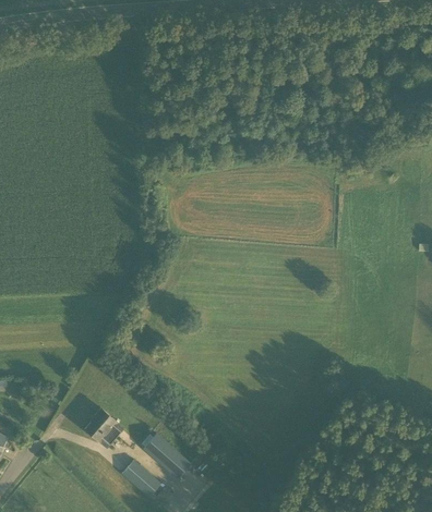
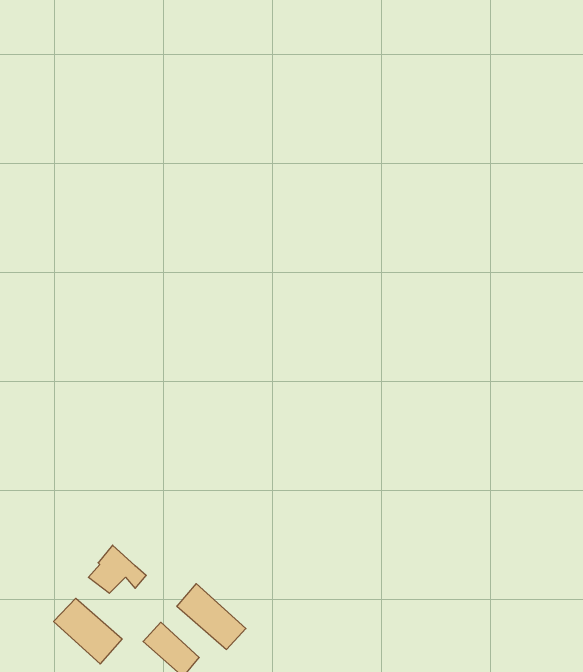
building: none -> [54,598,122,664]

